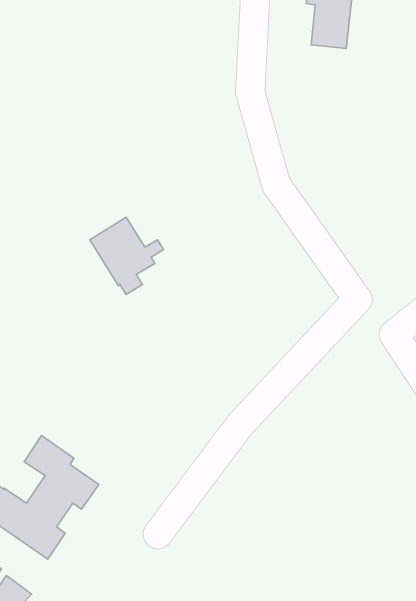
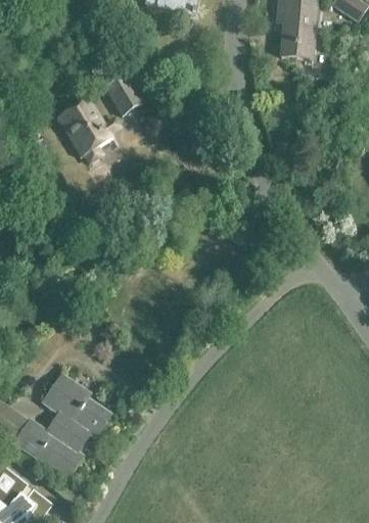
building: none -> [104,73,139,114]
building: [90,217,164,295] -> [57,99,118,162]

